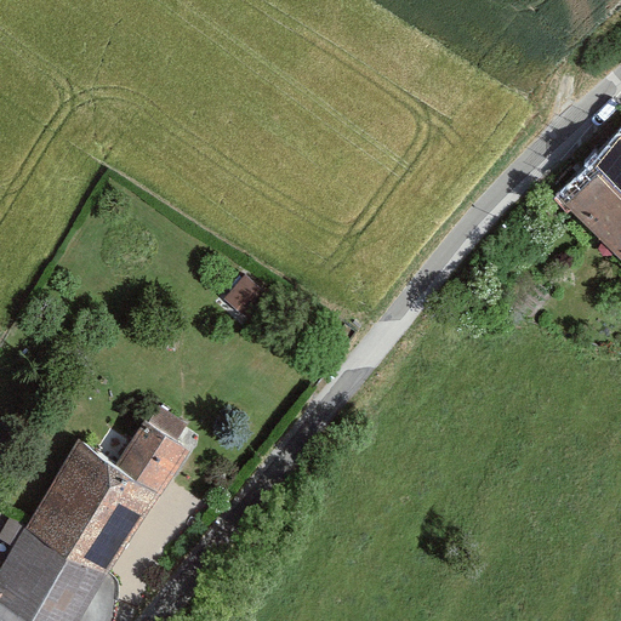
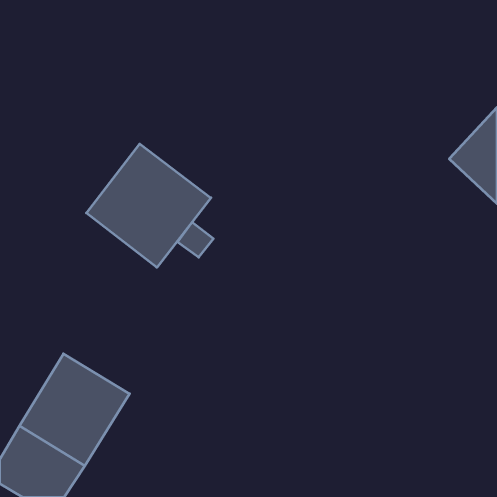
building: none -> [86,144,211,267]
building: [120,414,187,490] -> none

